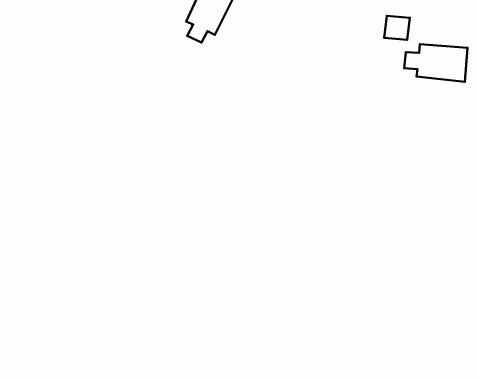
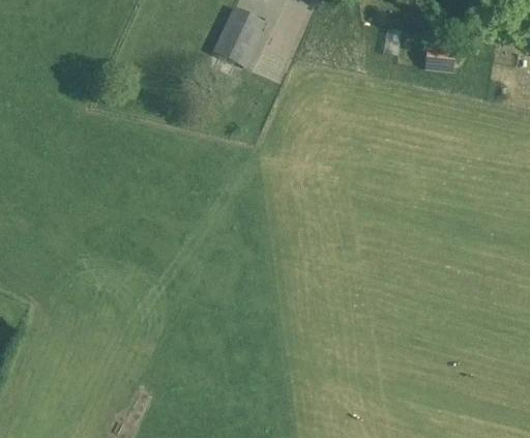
building: [404,44,467,82] -> none

